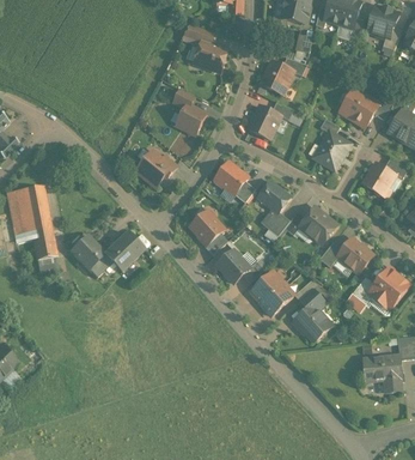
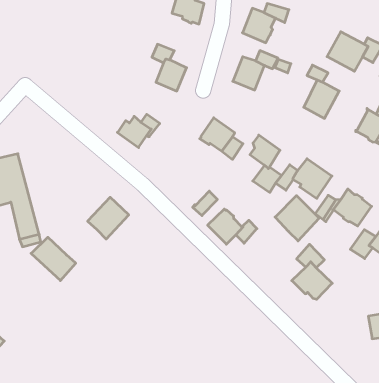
building: [189,212,224,244] -> none
building: [69,235,111,277] -> [31,237,76,281]
building: [251,272,293,315] -> [275,196,319,241]

